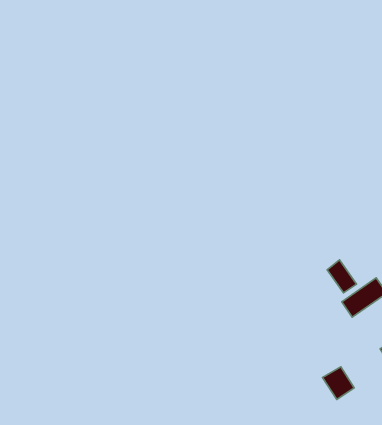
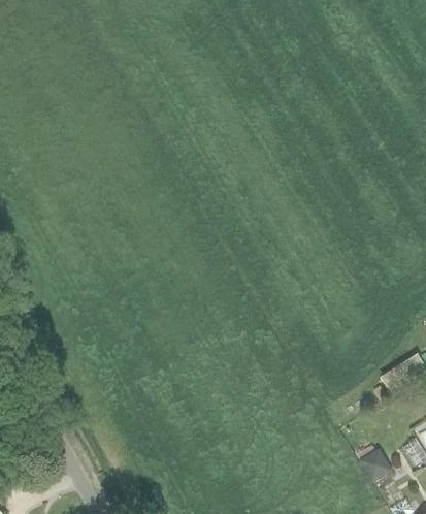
building: [327,260,357,293] -> none

